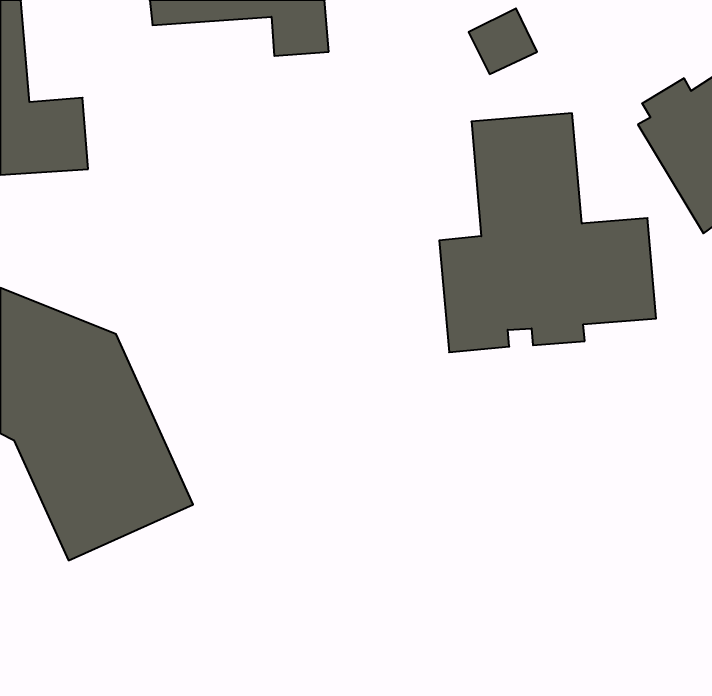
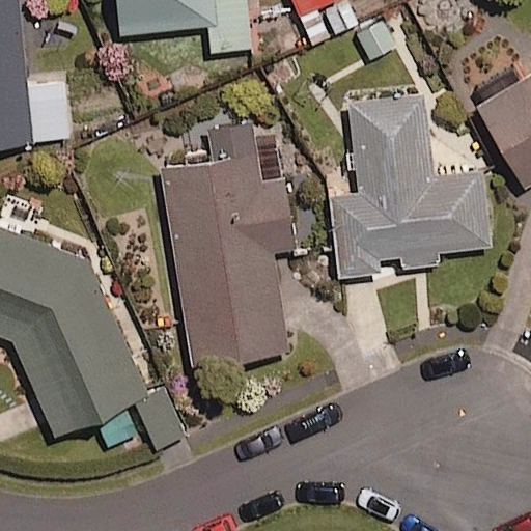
building: none -> [162,122,292,362]

